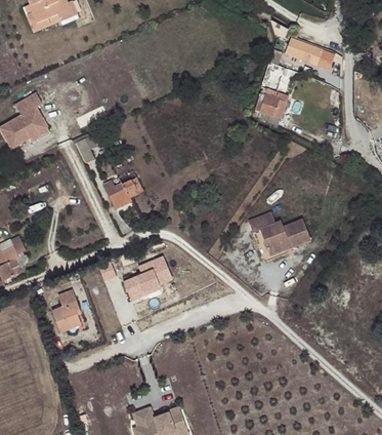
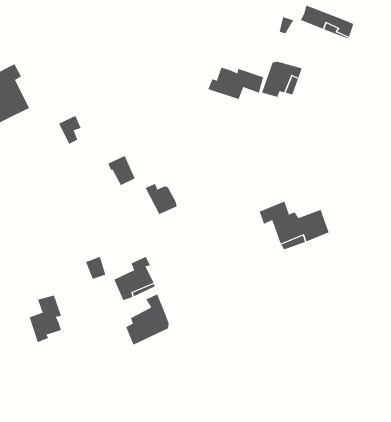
building: none -> [207,67,264,100]
building: [103,182,132,209] -> [145,183,178,215]
building: none -> [125,294,169,346]

